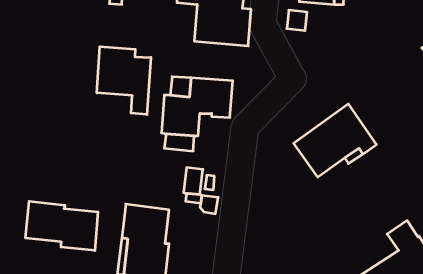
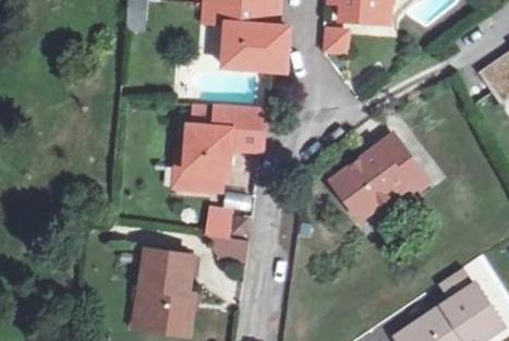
building: [97,47,151,115] -> none
building: [26,201,98,251] -> none

